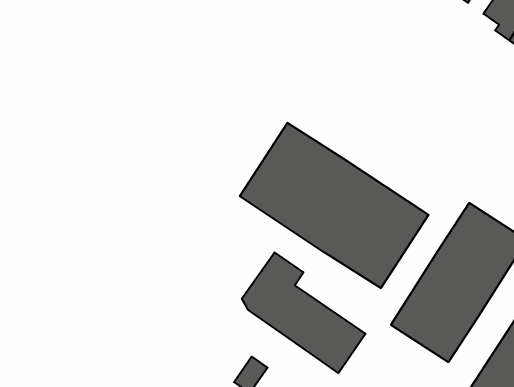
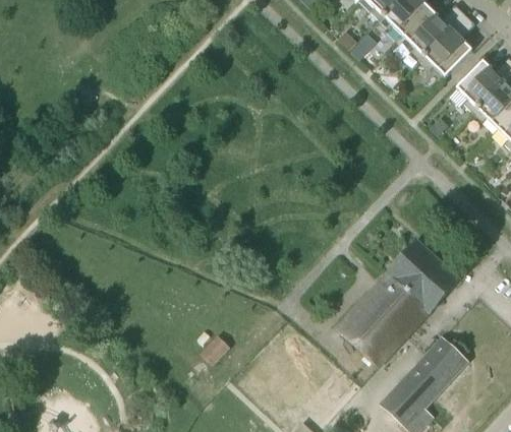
building: [240,123,428,288] -> none
building: [242,252,365,373] -> none

